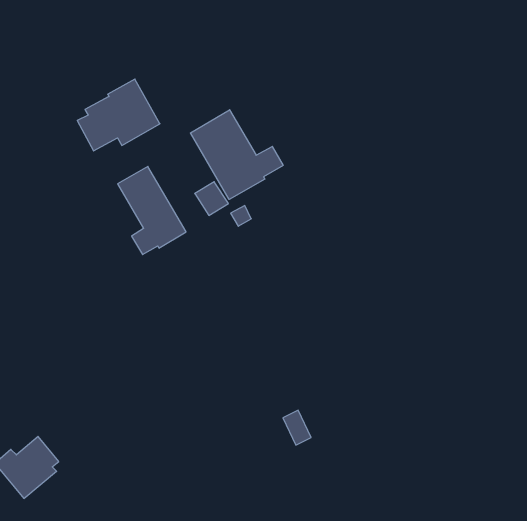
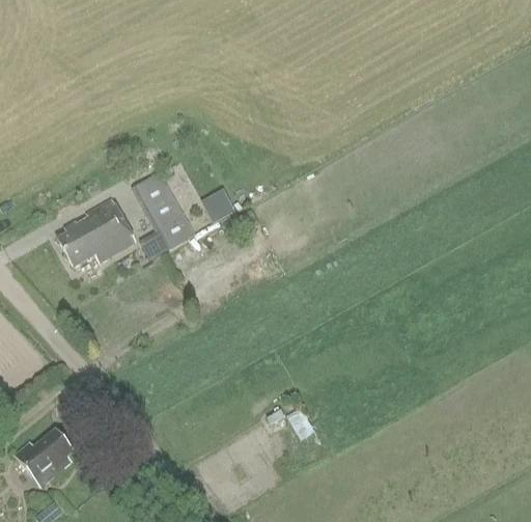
building: [77,79,160,151] -> [57,199,136,268]
building: [190,110,283,199] -> none

